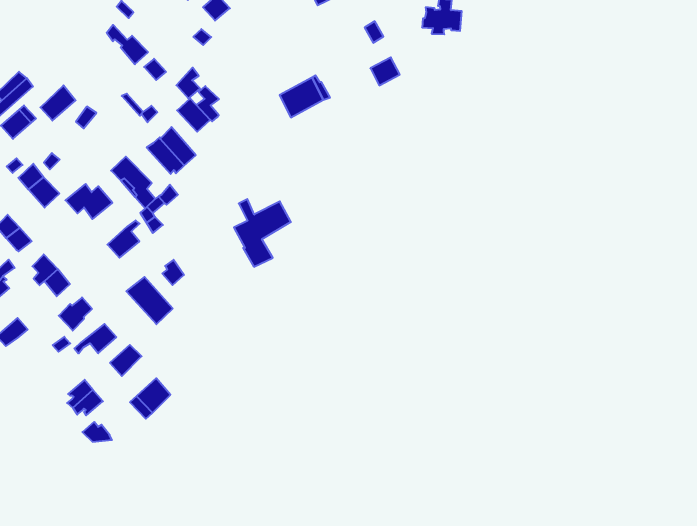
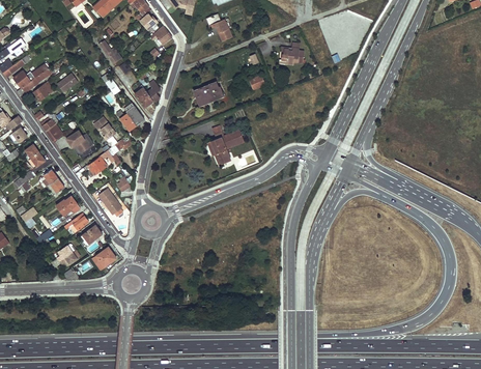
building: [234,199,291,267] -> [211,125,245,165]

